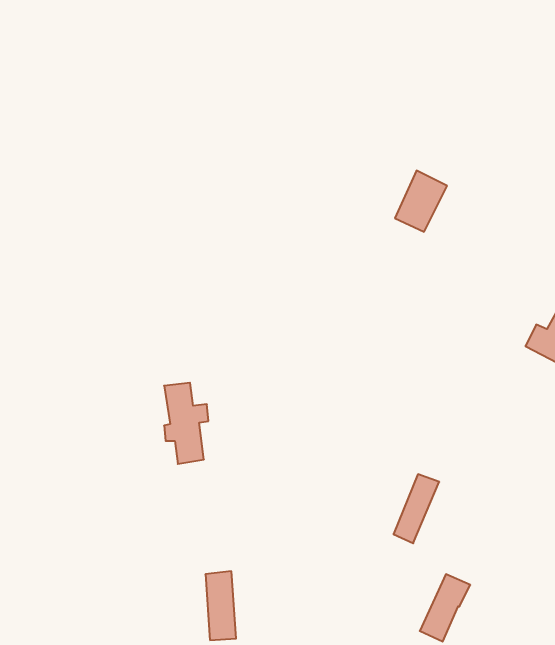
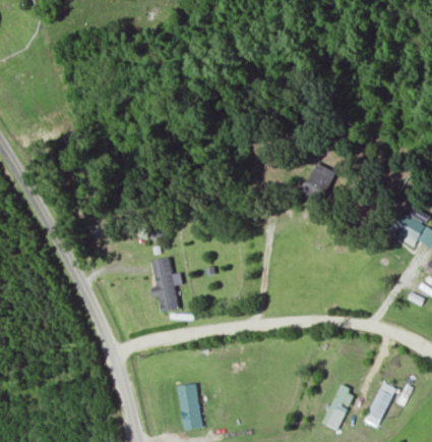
building: [395,171,447,232] -> [303,162,337,203]
building: [393,474,439,543] -> [365,382,395,428]

